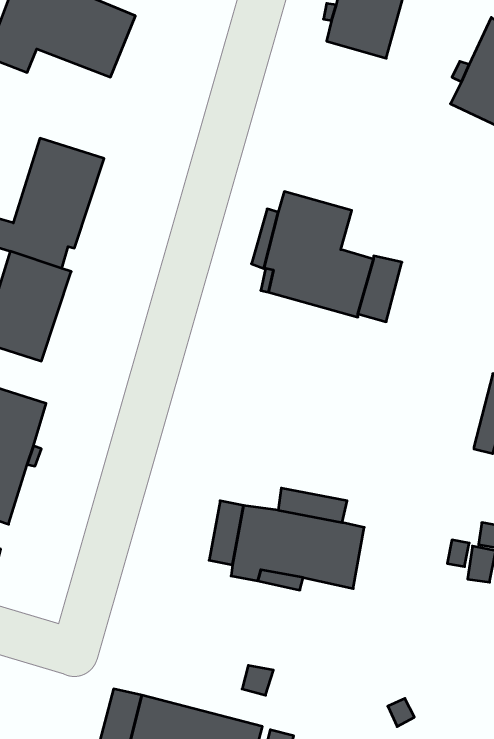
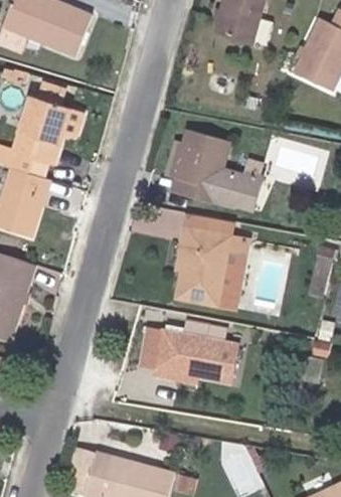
building: none -> [175,227,248,310]

